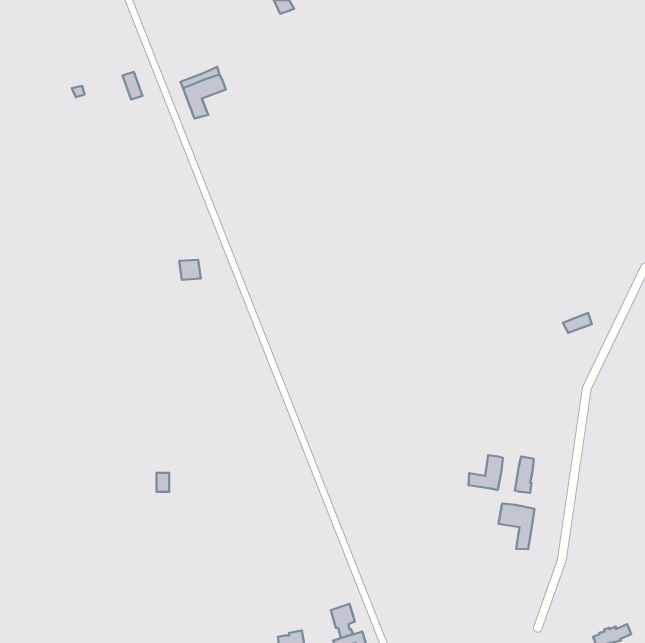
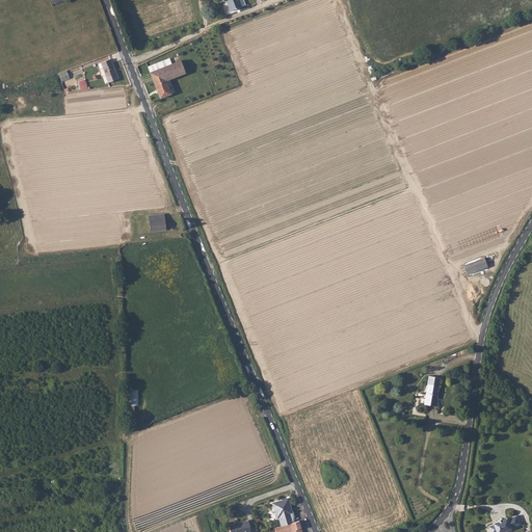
building: [469,455,503,490] -> none
building: [499,504,534,549] -> none

